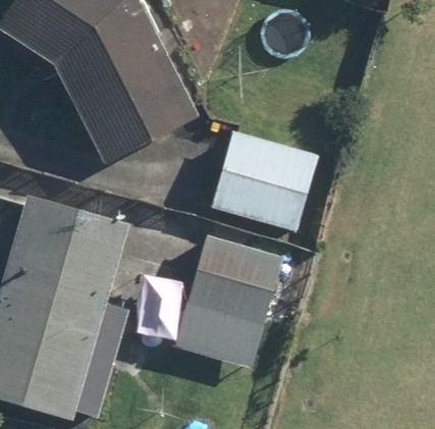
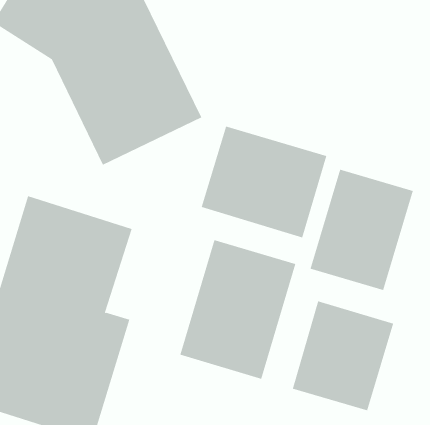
building: none -> [310,169,413,291]
building: none -> [292,300,394,411]

